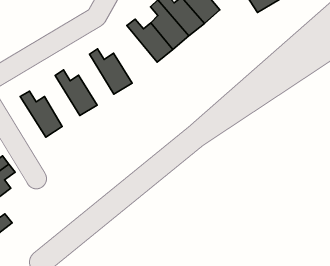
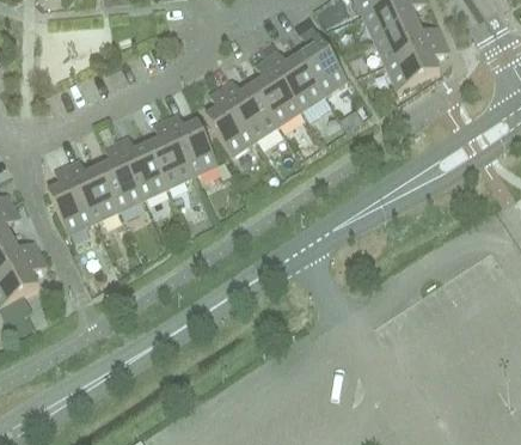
building: none -> [207,86,256,156]
building: none -> [148,118,192,188]
building: none -> [99,141,143,211]
building: none -> [49,164,94,234]

